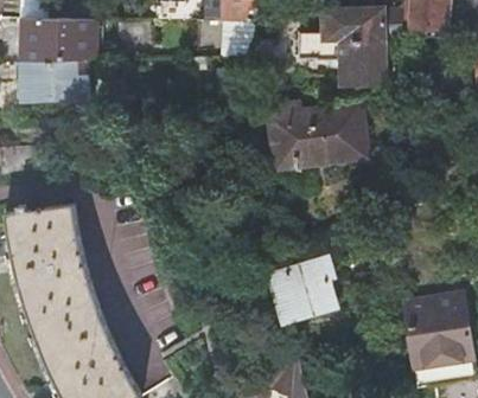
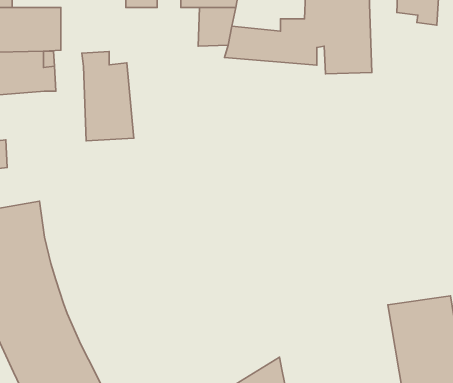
building: none -> [82,51,134,141]
building: [270,98,369,172] -> none
building: [270,255,338,321] -> none

